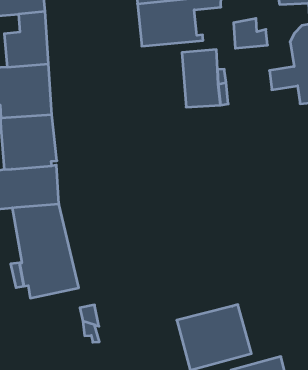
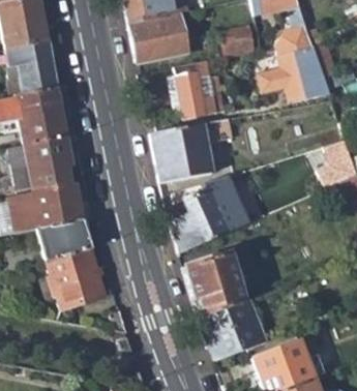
building: none -> [152,119,234,181]
building: none -> [176,175,248,251]
building: none -> [185,251,249,317]

